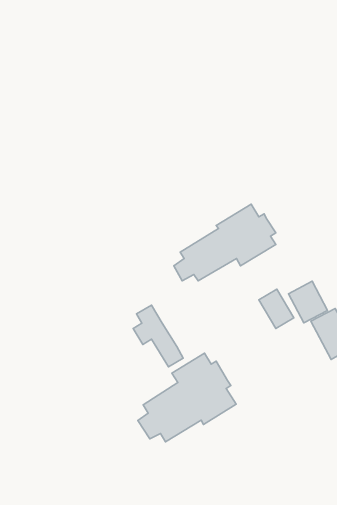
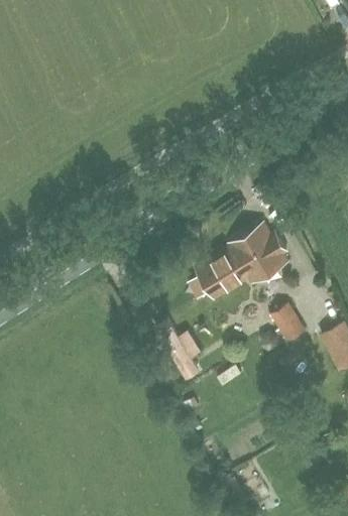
building: [289,281,328,323] -> none
building: [138,353,236,442] -> none

